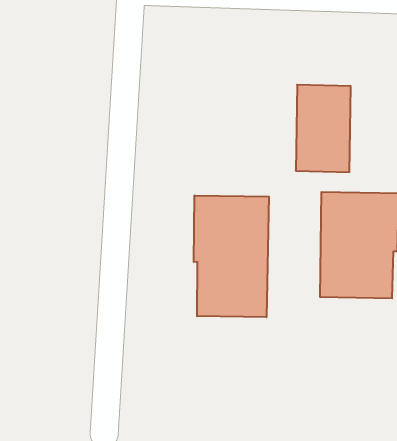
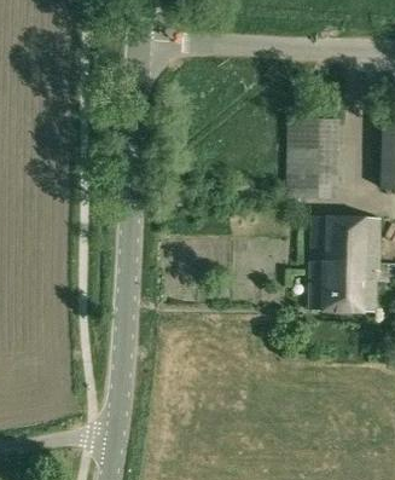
building: [194,195,269,317] -> none

